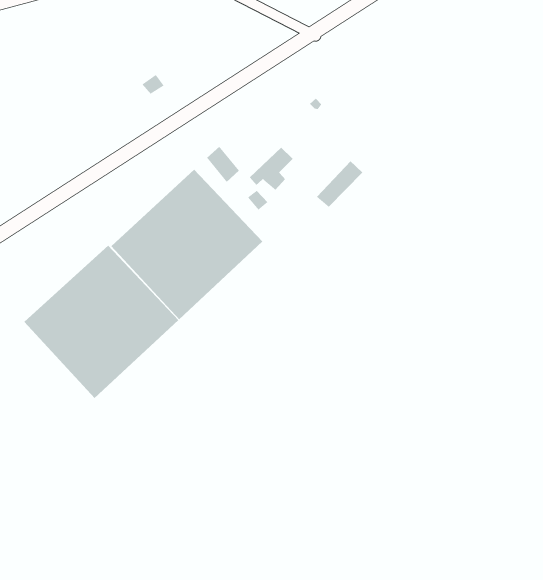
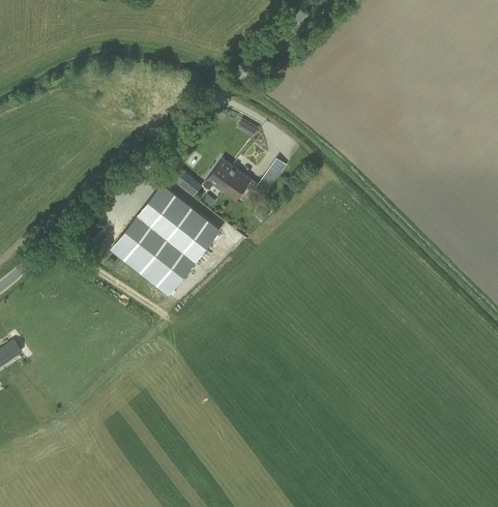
building: none -> [224,167,252,202]
building: [24,245,179,399] -> none

